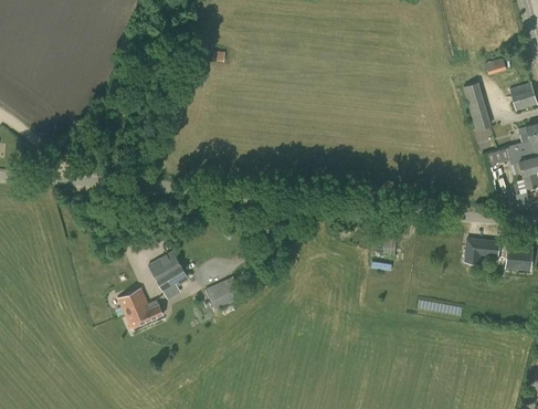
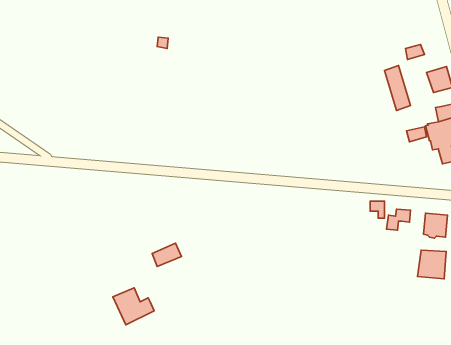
building: [148,251,189,293] -> none
building: none -> [418,250,446,279]
building: [118,289,163,329] -> [113,288,154,325]

